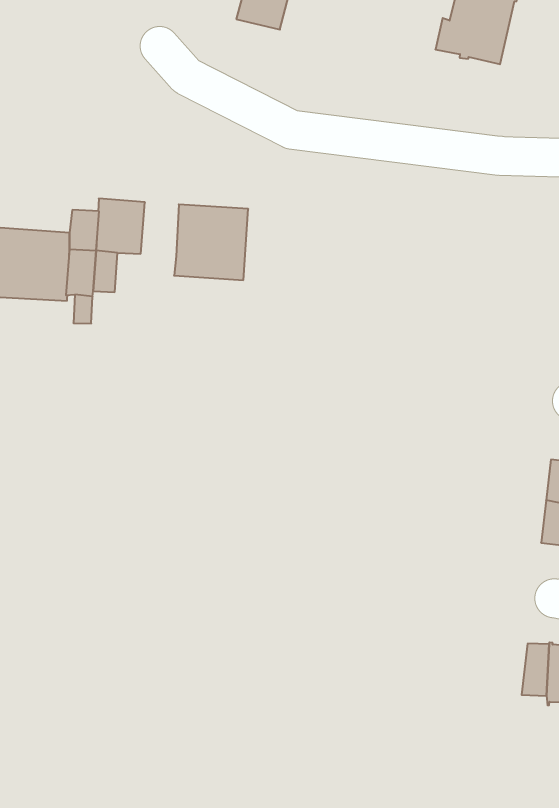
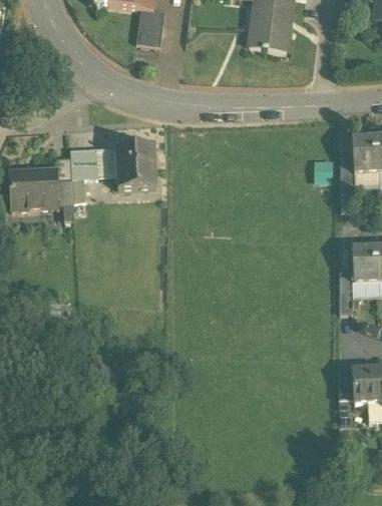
building: none -> [96,147,117,177]

